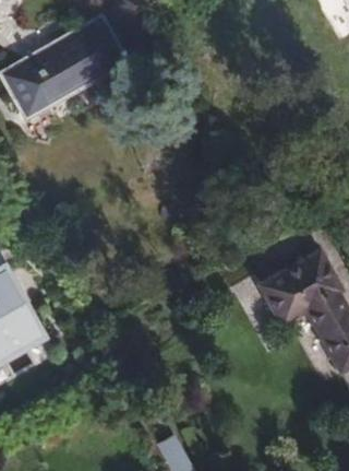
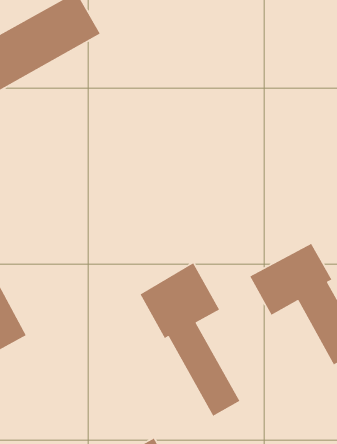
building: none -> [139,262,240,417]

